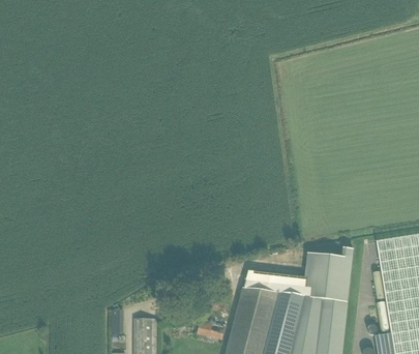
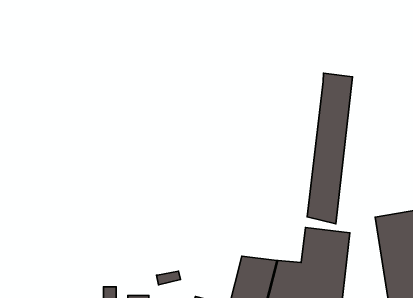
building: none -> [307,73,353,224]

